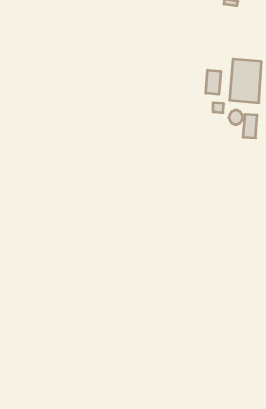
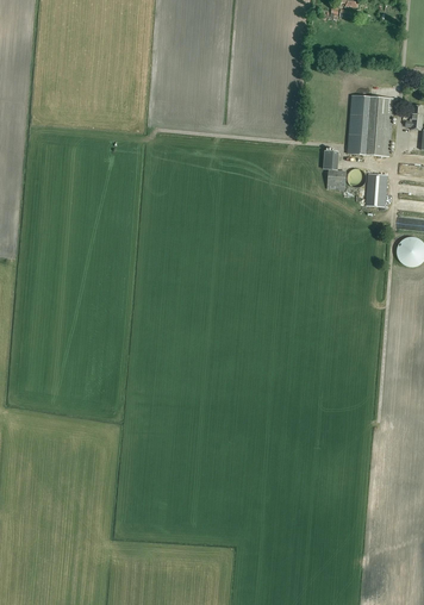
building: [206,70,221,94] -> none

